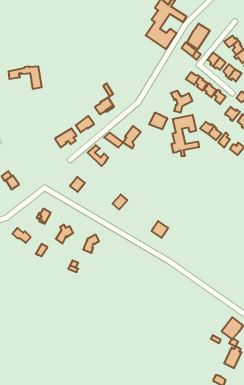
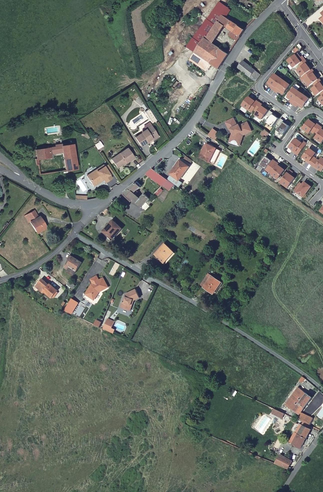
building: [187,23,210,49] -> none
building: [8,66,42,89] -> [34,144,74,171]
building: [172,115,199,156] -> none

